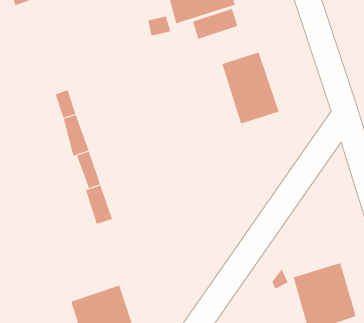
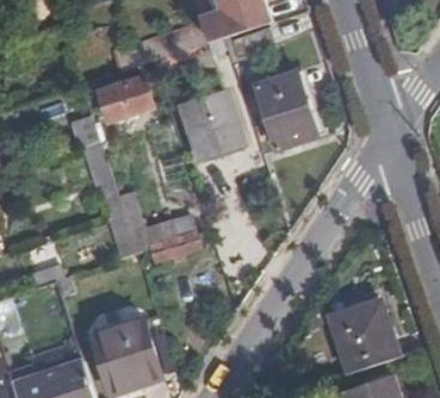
building: none -> [98,79,154,122]
building: none -> [186,93,243,155]
building: none -> [144,217,200,267]

